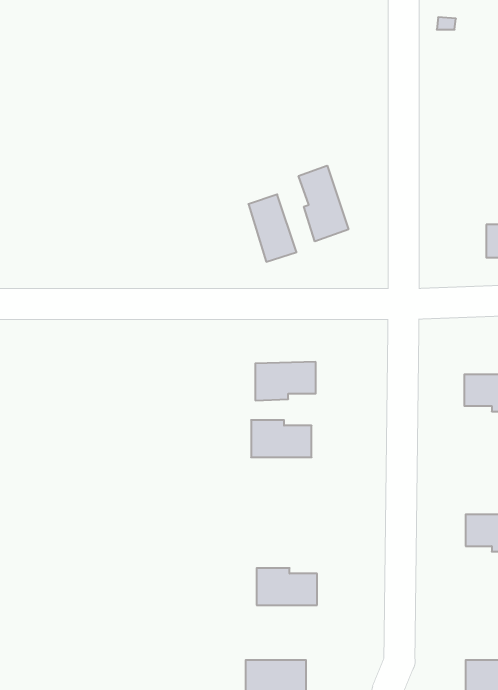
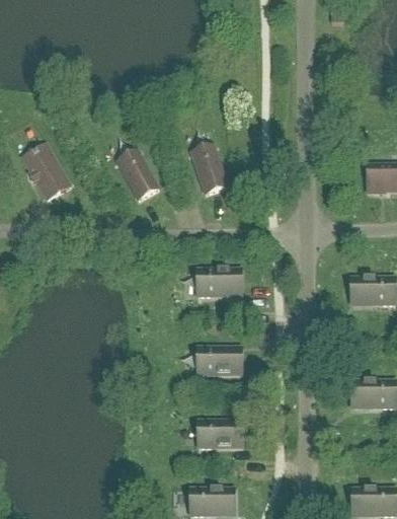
building: [299,166,348,241] -> none
building: none -> [22,144,70,200]
building: none -> [116,150,158,201]
building: [251,420,312,457] -> [196,348,241,375]

